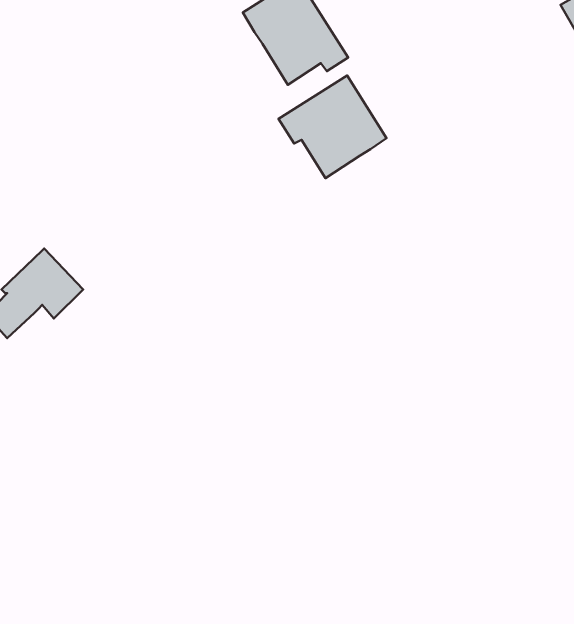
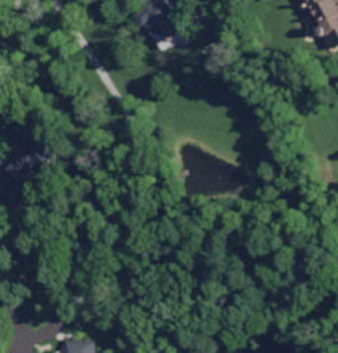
building: [278,75,387,178] -> none

